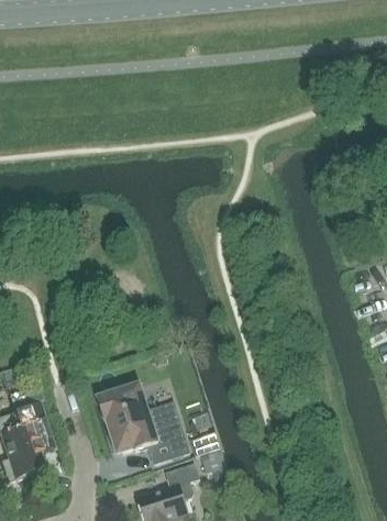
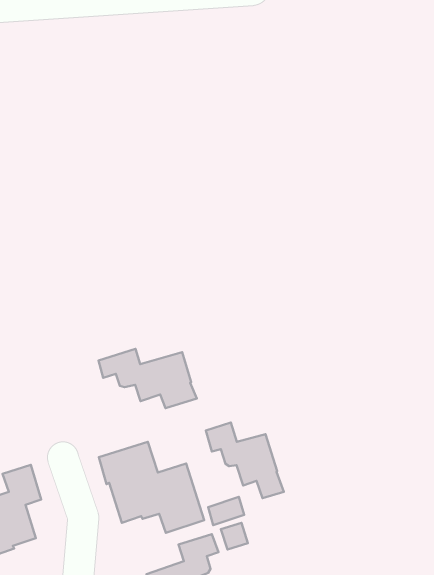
building: none -> [99,349,197,408]
building: none -> [206,423,284,498]

